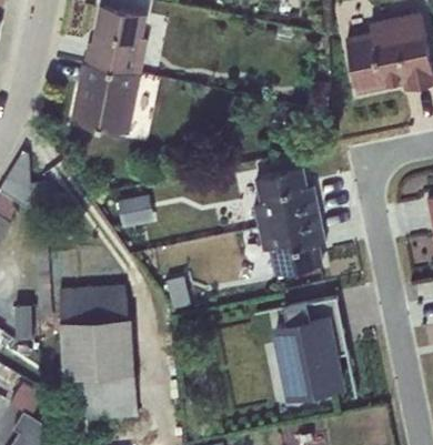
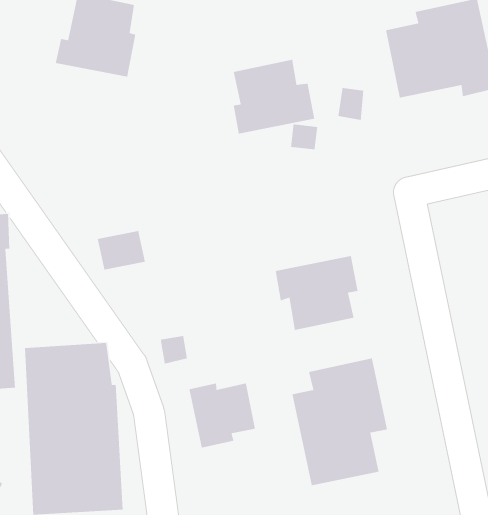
building: [71,64,141,135] -> none
building: [253,169,319,229] -> [233,59,315,135]
building: none -> [188,382,256,448]

